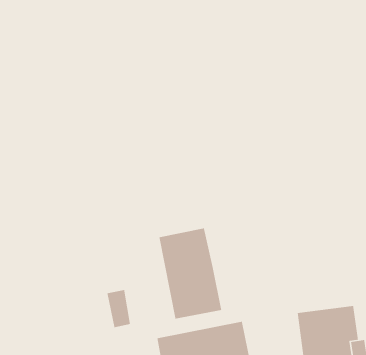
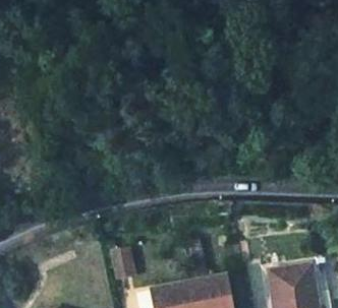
building: [159,227,222,319] -> none

